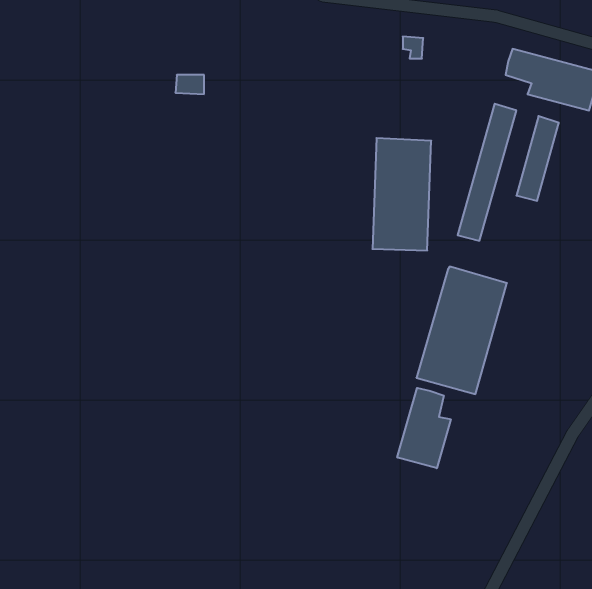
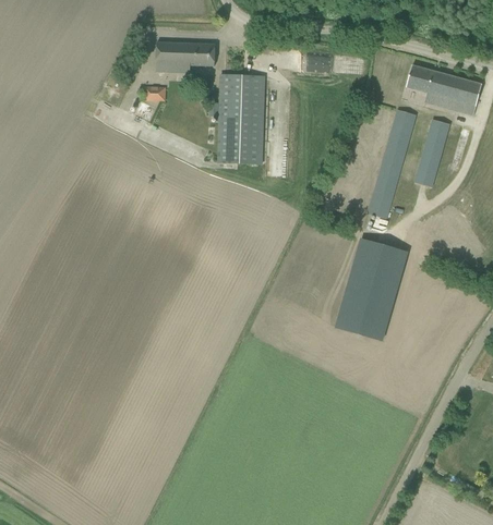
building: none -> [155,41,215,73]
building: [372,138,431,250] -> [217,74,264,163]
building: [397,388,451,468] -> none

